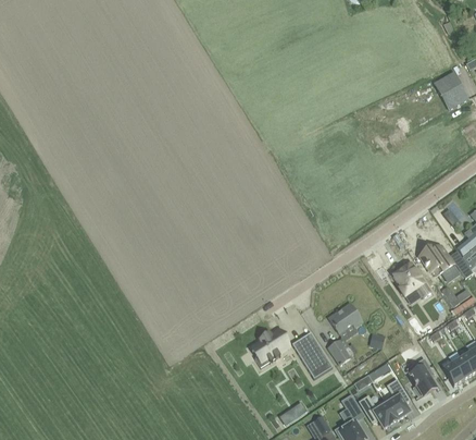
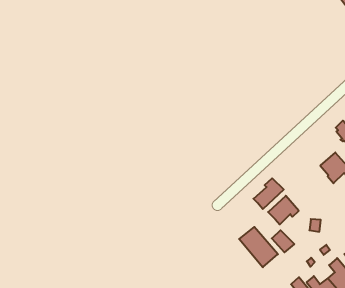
building: none -> [253,178,284,209]
building: [252,329,289,367] -> none

